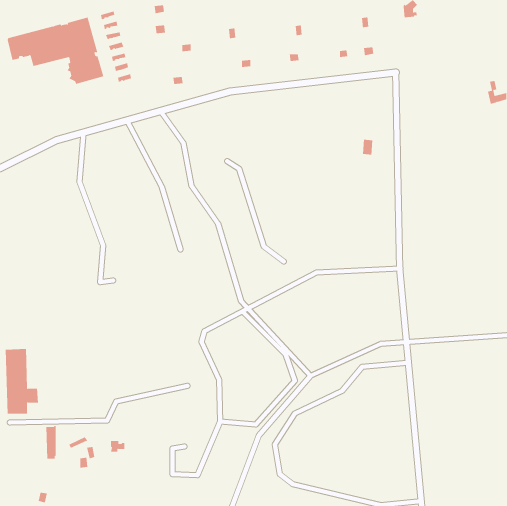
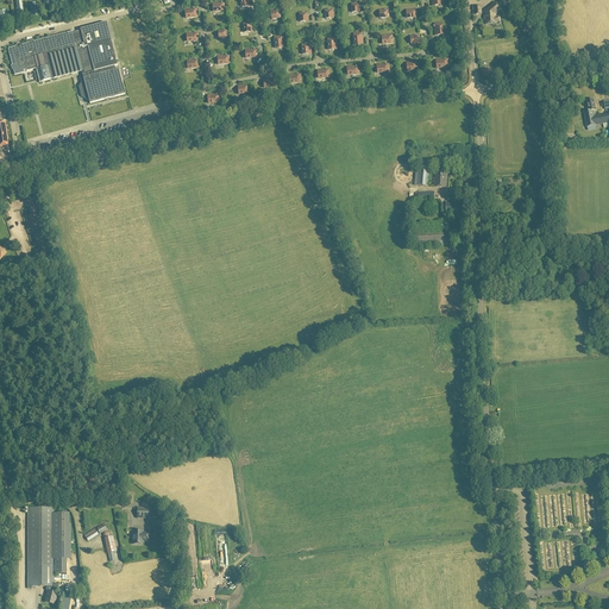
building: [5,348,39,414] -> [25,507,65,585]

